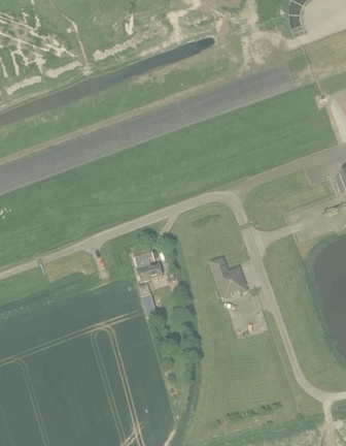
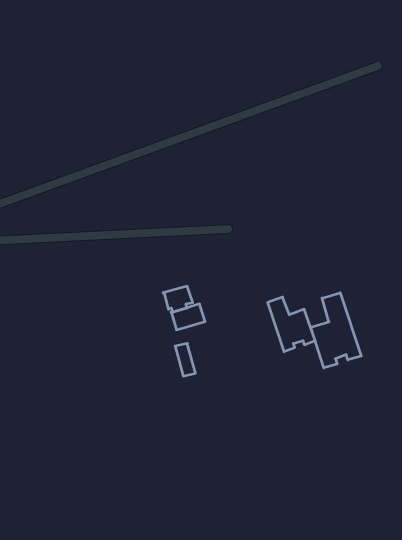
building: none -> [311,293,361,368]

